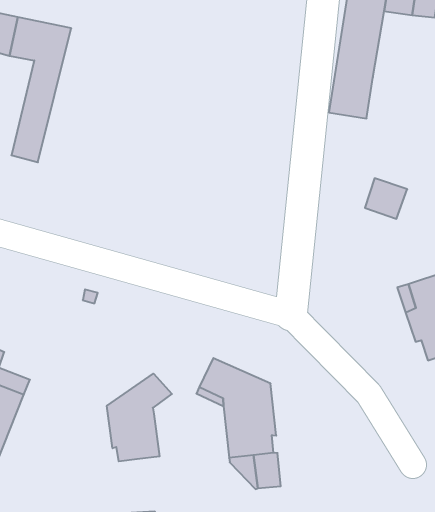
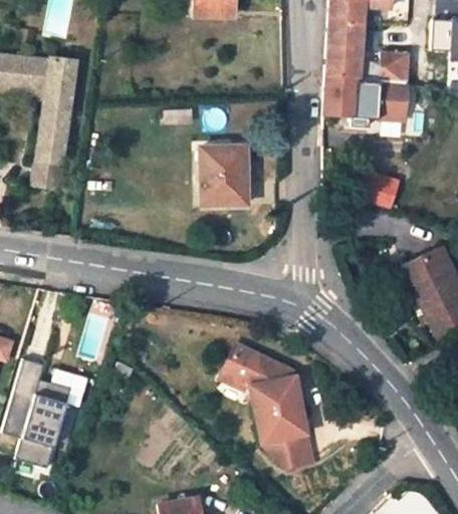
building: none -> [357,53,407,118]
building: none -> [200,147,248,204]
building: [107,374,172,461] -> none

